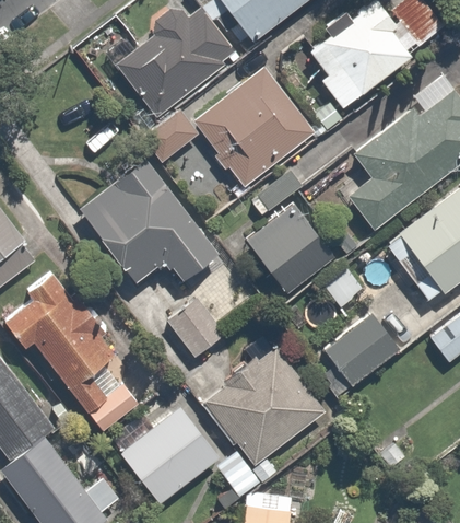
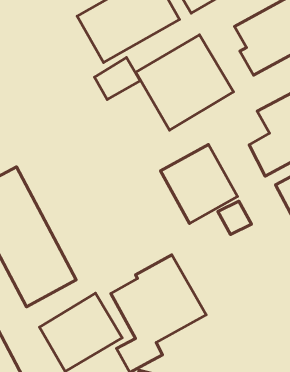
building: [76,155,217,283] -> none
building: [164,299,225,360] -> none
building: [322,316,398,388] -> none

